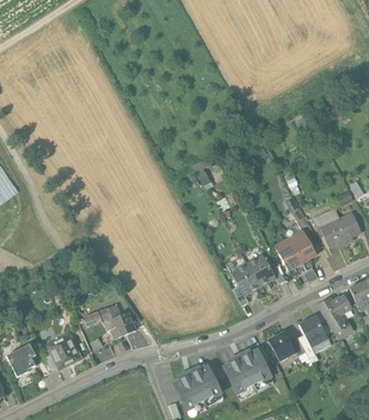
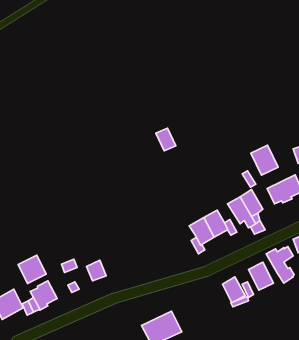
building: none -> [251,145,278,175]
building: none -> [18,255,46,283]
building: [225,352,269,393] -> none

